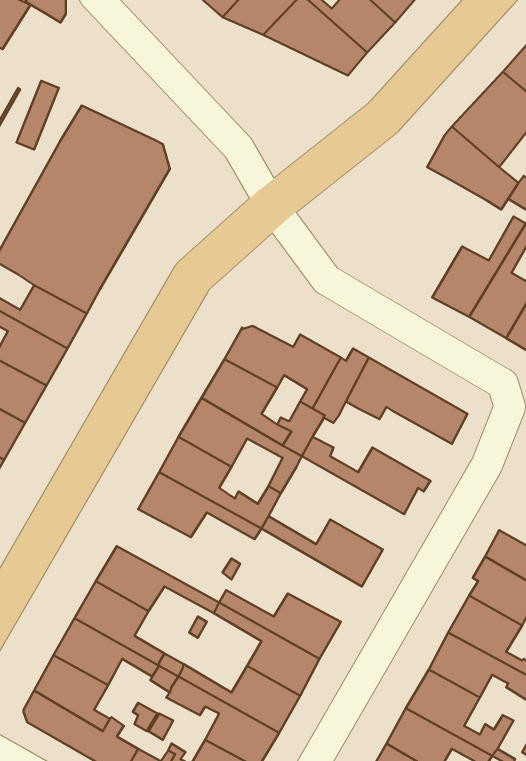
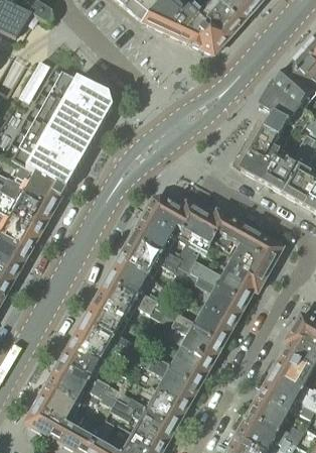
building: none -> [240,113,292,181]
building: none -> [226,245,272,286]
building: none -> [183,271,245,325]
building: none -> [81,302,143,355]
building: none -> [159,313,220,366]

